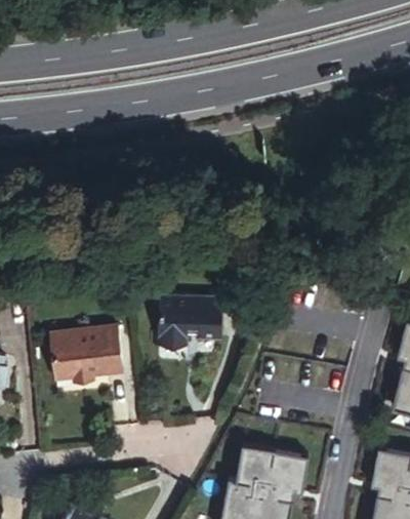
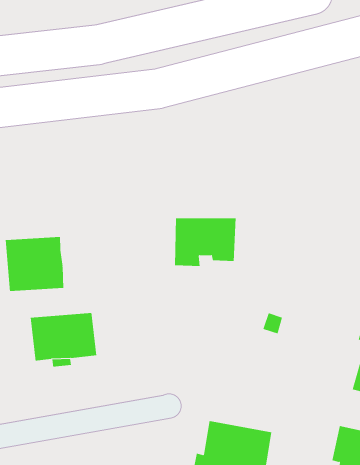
building: none -> [5,236,64,292]
building: [159,295,224,347] -> [174,218,237,266]

